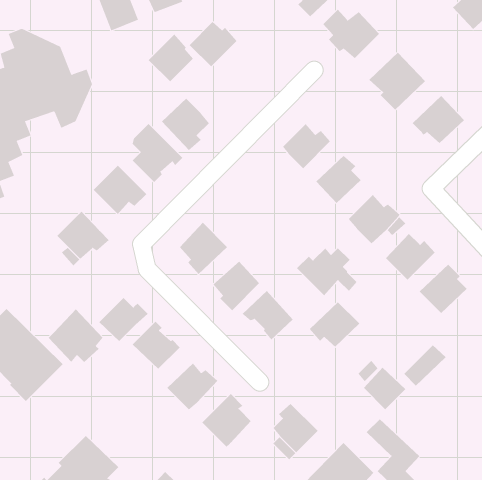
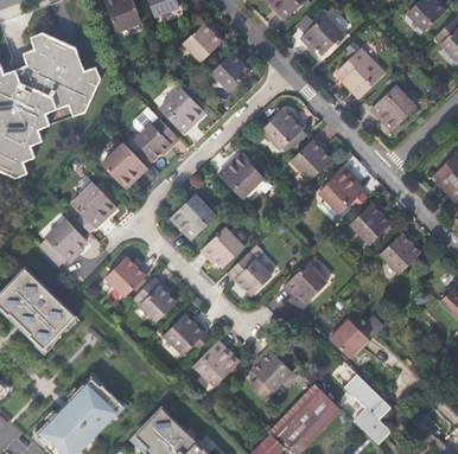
building: [148,34,194,82] -> [212,51,252,92]
building: [296,247,357,296] -> [220,158,272,199]
building: [48,309,104,363] -> [39,220,87,267]

